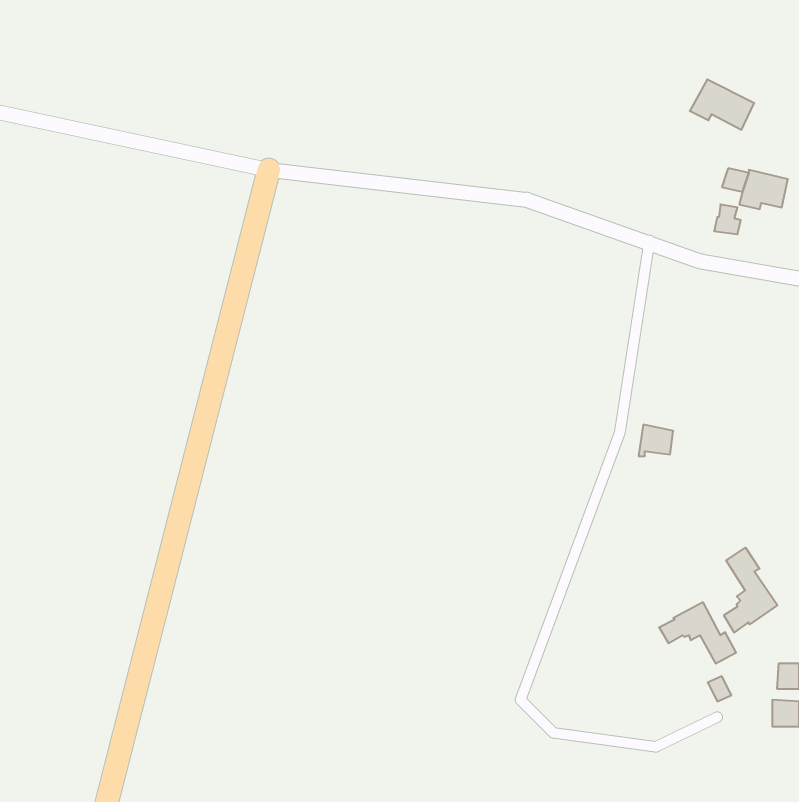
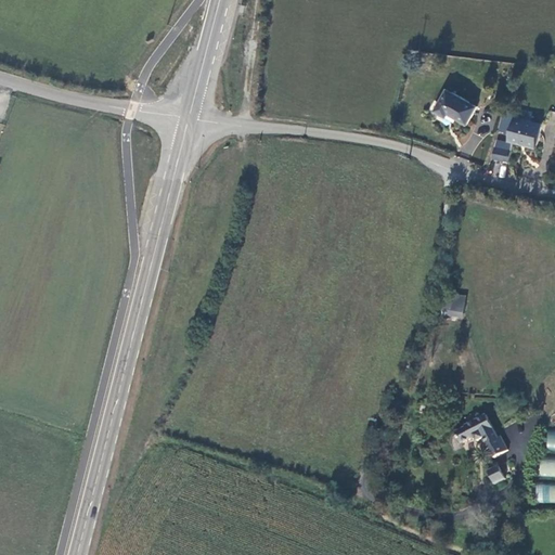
building: [690,79,754,130] -> [434,91,478,126]
building: [724,548,777,633] -> none

